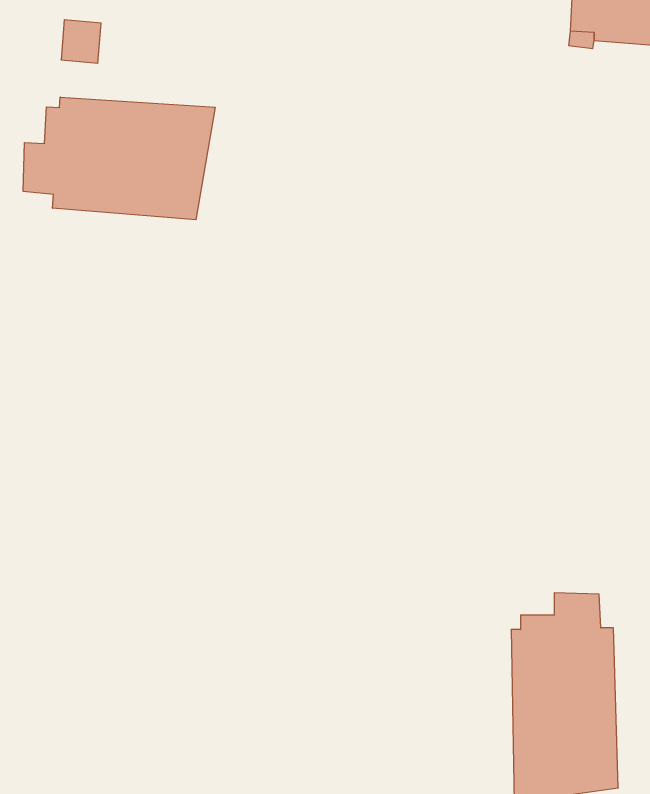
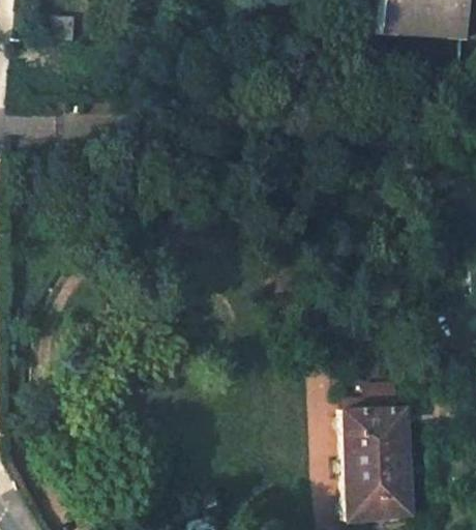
building: [23,97,215,220] -> none

